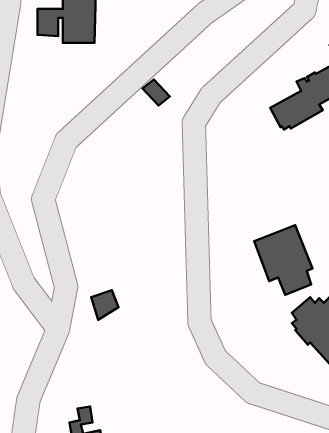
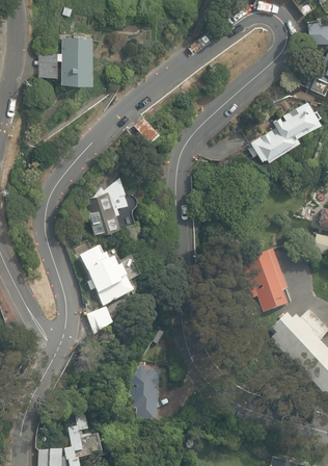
building: none -> [87,176,137,235]
building: none -> [81,249,133,307]
building: none -> [137,370,160,420]

